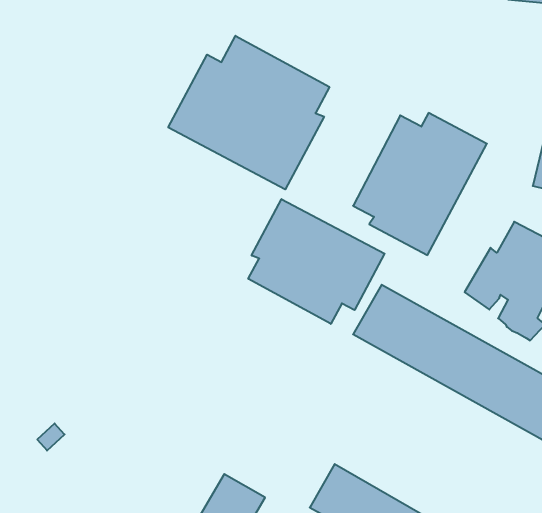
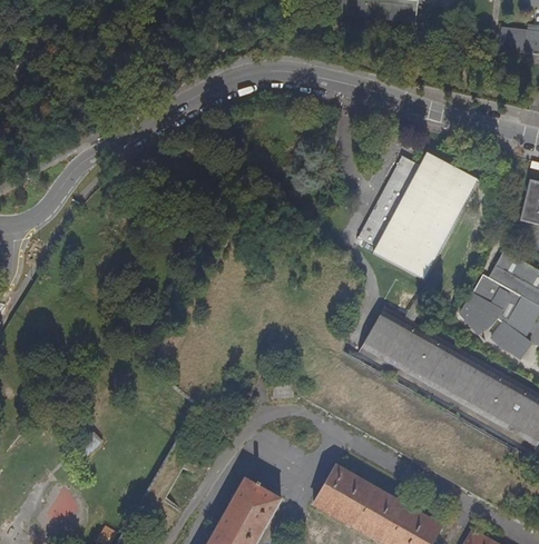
building: [168,36,329,189] -> none
building: [248,199,385,324] -> none

